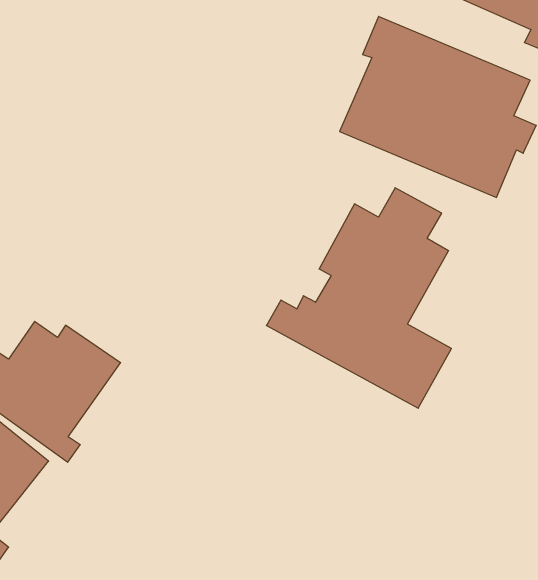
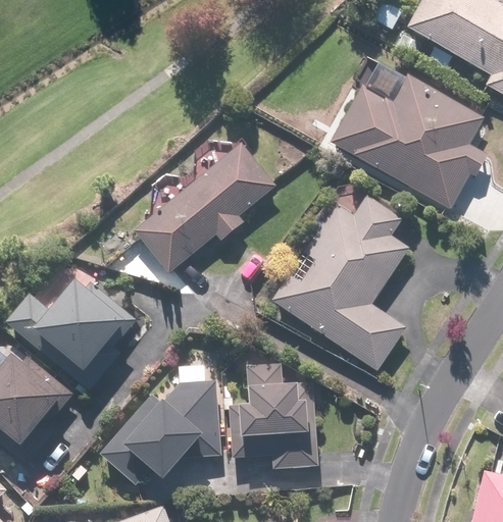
building: none -> [135,141,279,275]
building: none -> [228,362,321,468]
building: none -> [100,381,218,484]

